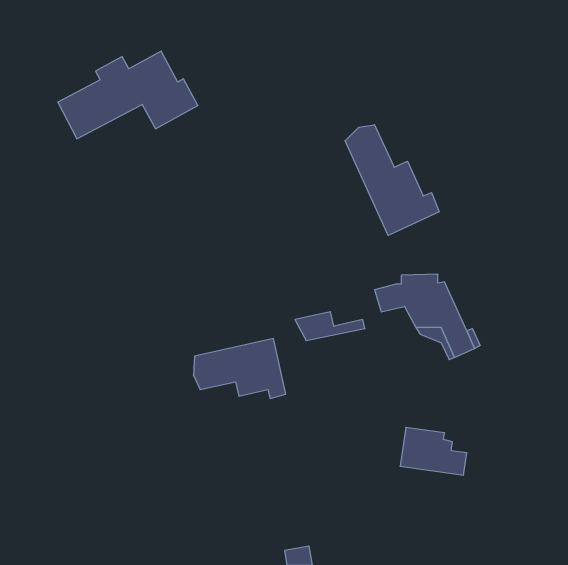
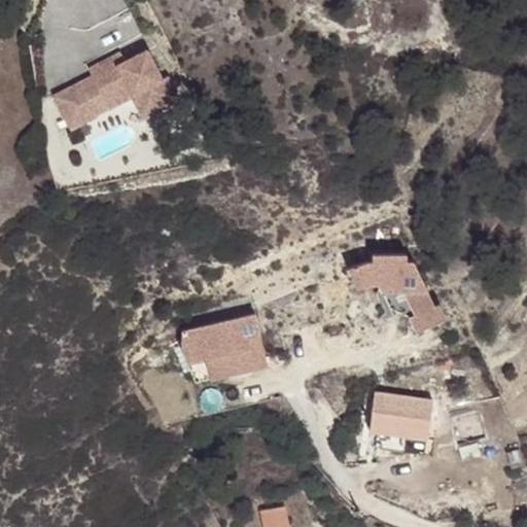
building: [345,125,439,235] -> none
building: [295,312,365,341] -> [185,354,250,381]

